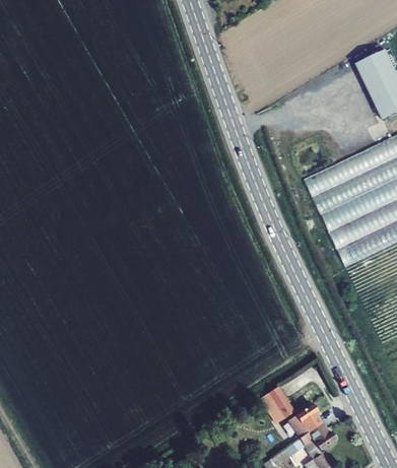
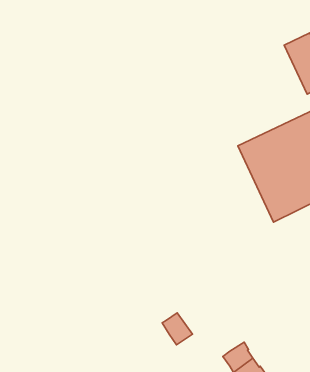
building: [260,386,294,422] -> [162,313,192,345]

